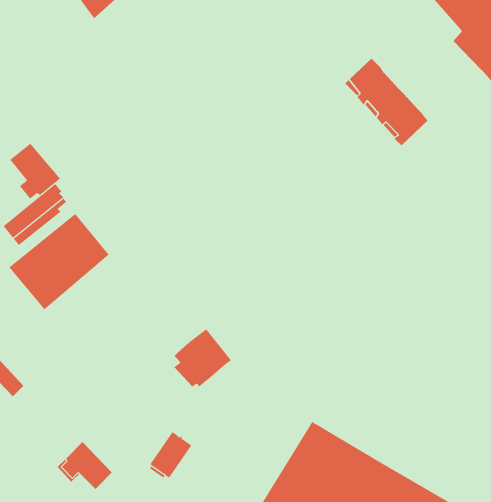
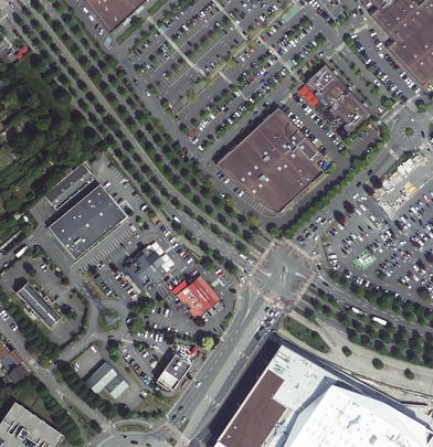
building: none -> [219,106,327,213]
building: [9,143,61,200] -> none
building: none -> [124,246,165,287]

